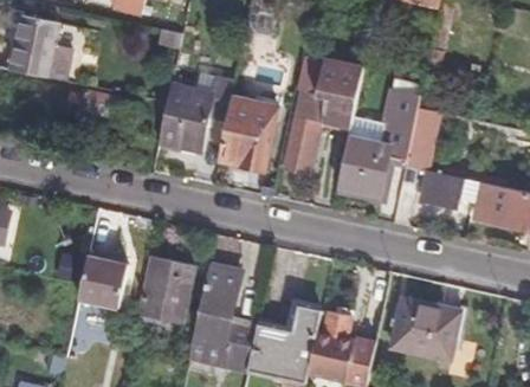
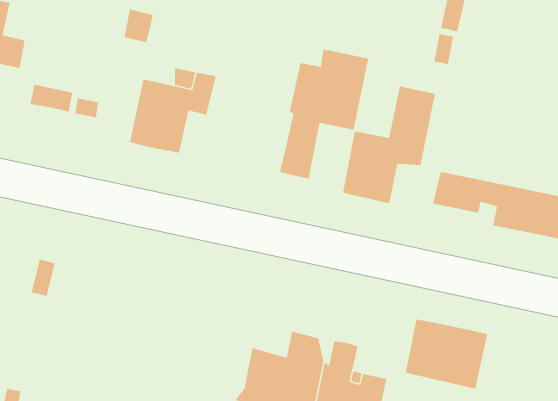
building: [219,97,278,169] -> none
building: [408,109,442,168] -> none
building: [140,254,195,325] -> none
building: [82,257,131,310] -> none
building: [192,270,261,355] -> none

